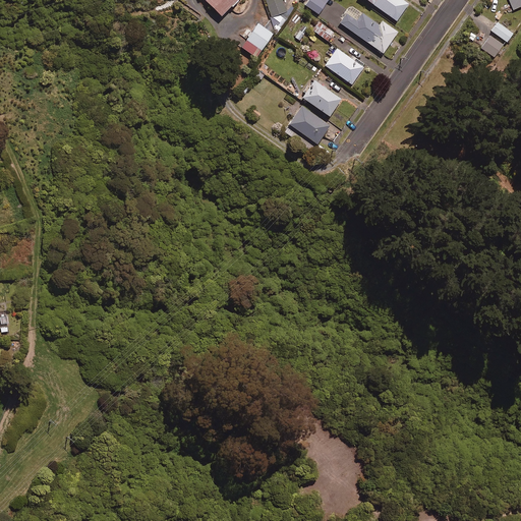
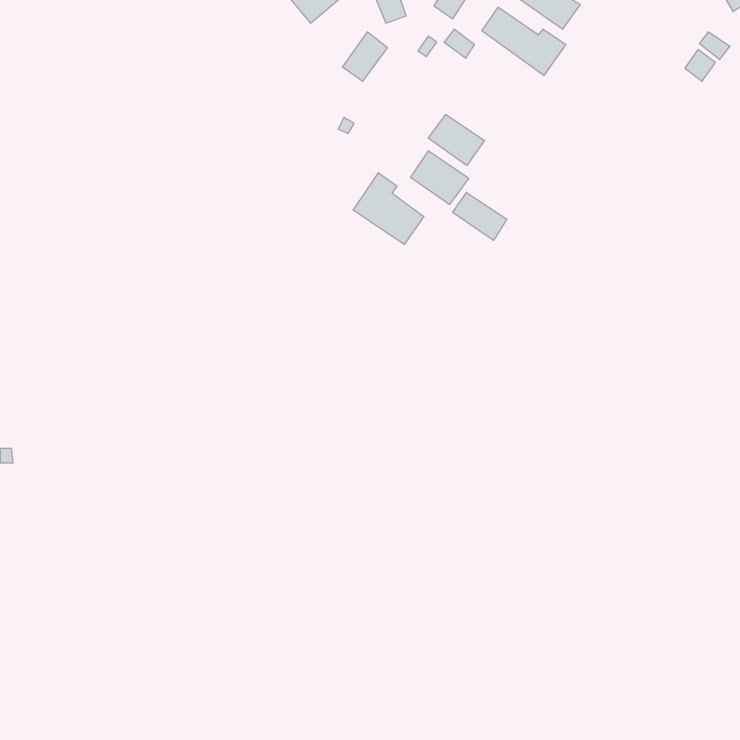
building: [325,48,363,84] -> none
building: none -> [353,173,424,244]
building: none -> [453,192,507,240]

